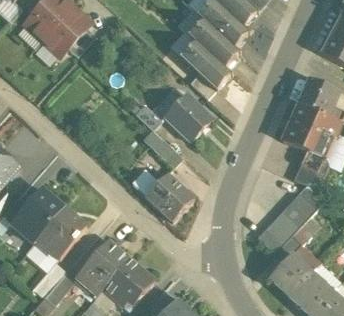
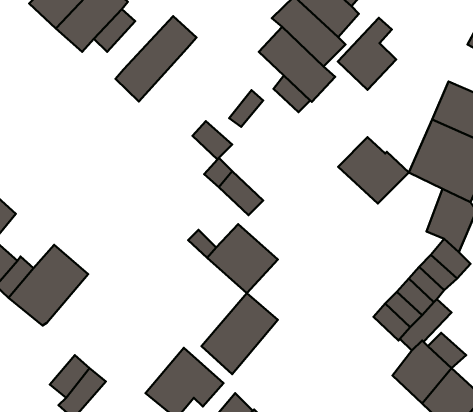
building: none -> [116,16,196,102]
building: none -> [338,18,396,90]
building: [164,95,212,140] -> [338,137,409,203]
building: [36,208,87,261] -> none
building: [77,240,129,295] -> [201,293,278,374]

